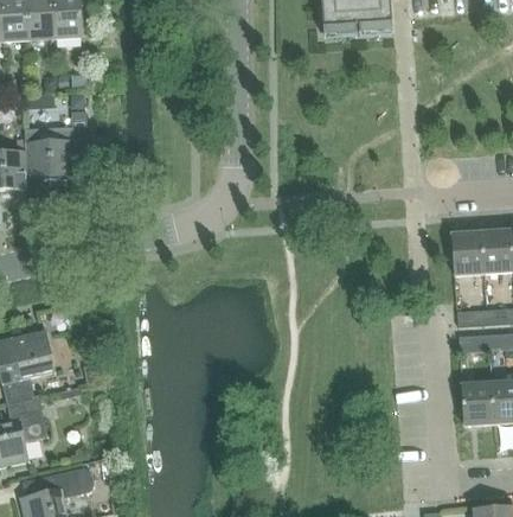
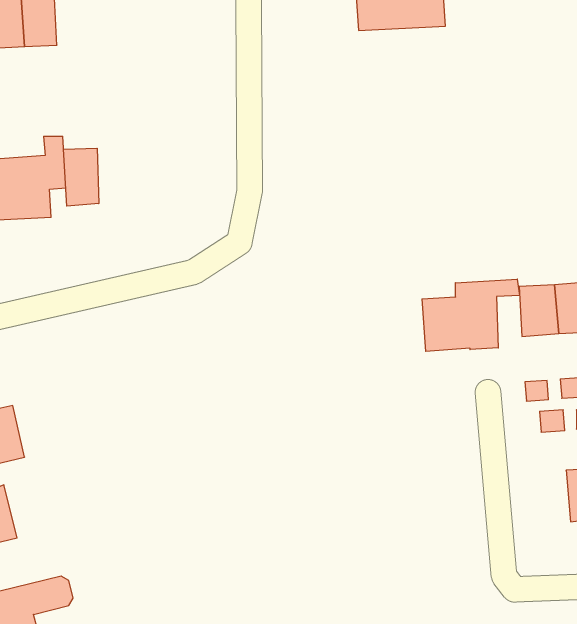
building: none -> [64,148,99,206]
building: none -> [422,279,520,351]
building: [462,382,494,425] -> none

